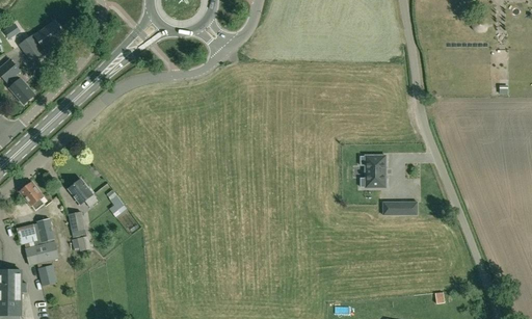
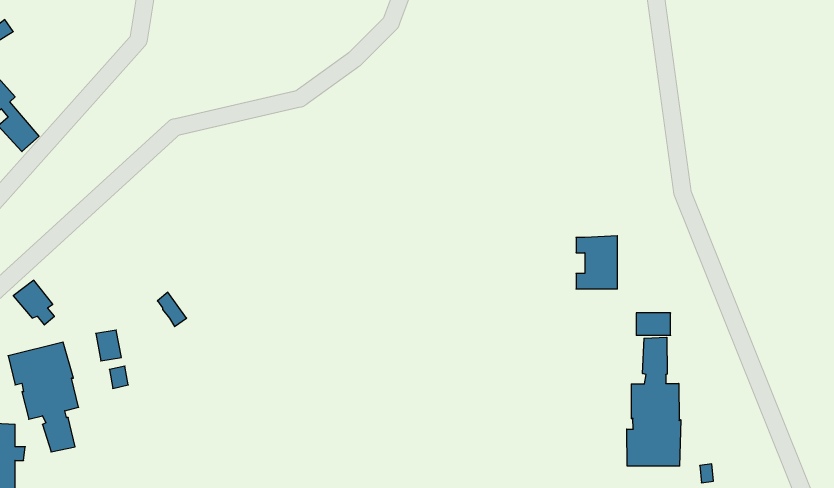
building: [21,22,65,59] -> none
building: [69,179,99,207] -> none
building: none -> [627,337,681,466]

